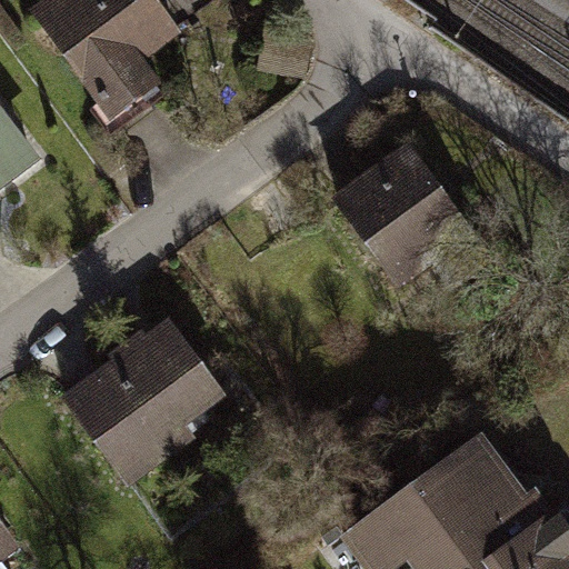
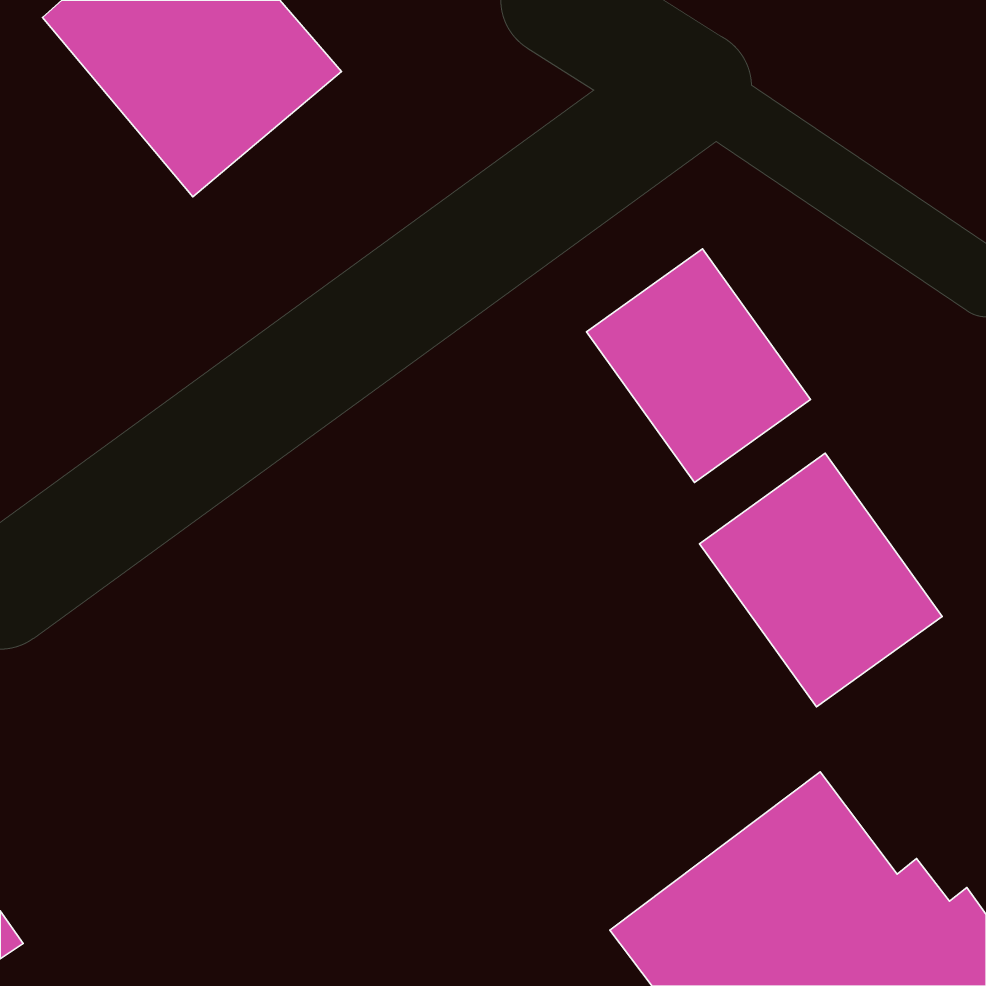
building: none -> [699,453,942,707]
building: [70,325,218,473] -> none

